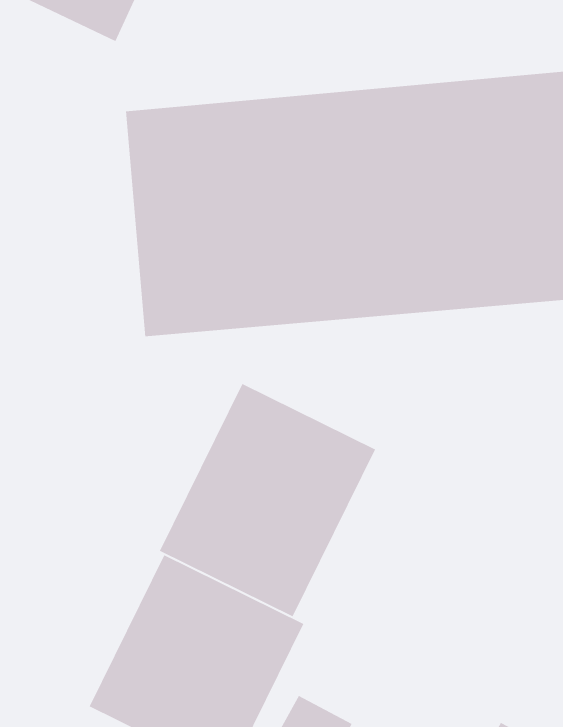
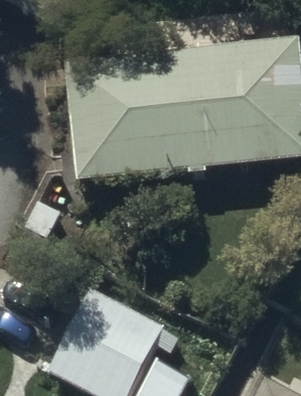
building: [159,383,376,617] -> none

